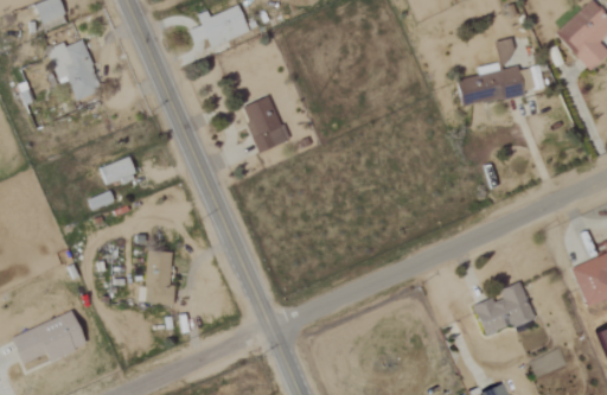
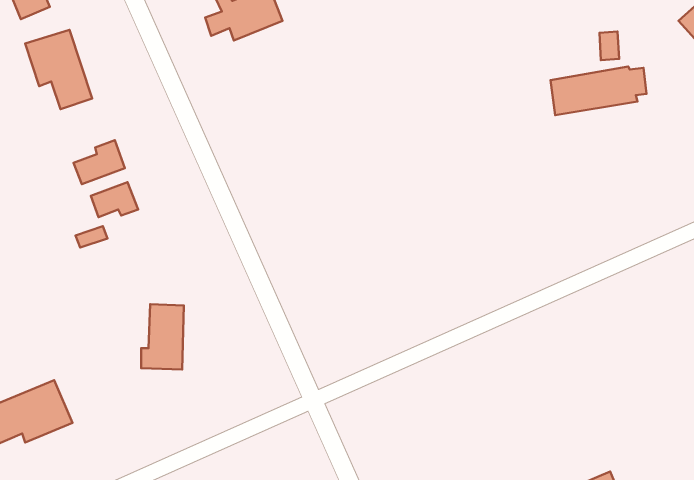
building: [244,97,287,152] -> none
building: none -> [73,140,125,184]
building: [474,283,535,337] -> none

